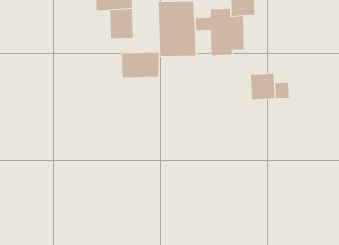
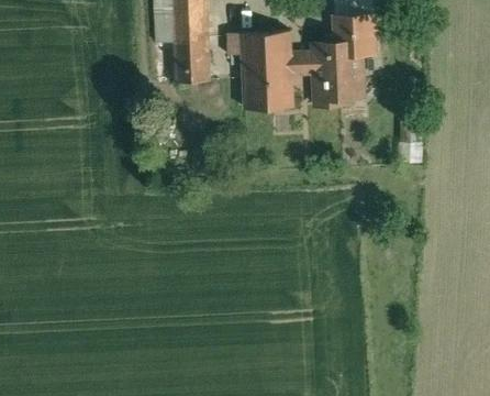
building: [122,52,159,78] -> none
building: [250,73,275,100] -> none

